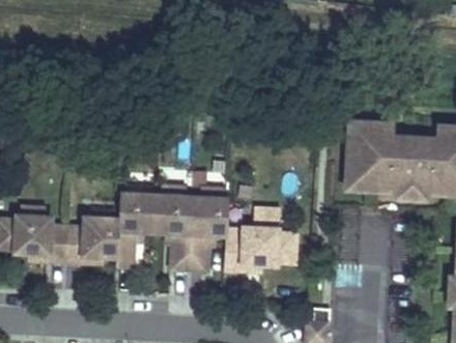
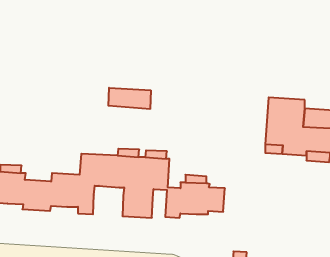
building: none -> [108,88,151,109]

